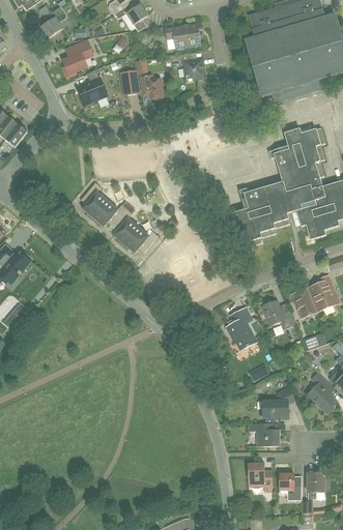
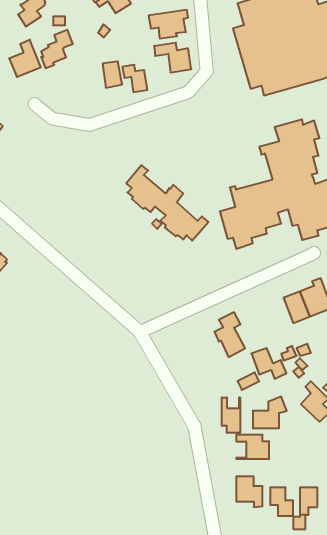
building: [77,68,107,104] -> [9,40,41,77]
building: [81,181,159,253] -> [126,165,208,241]
building: [262,299,295,328] -> [251,348,286,379]
building: none -> [222,397,240,433]

